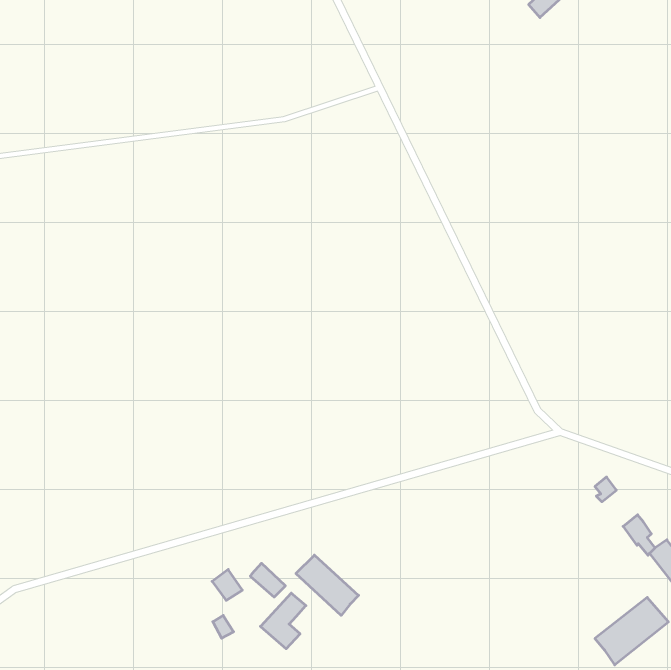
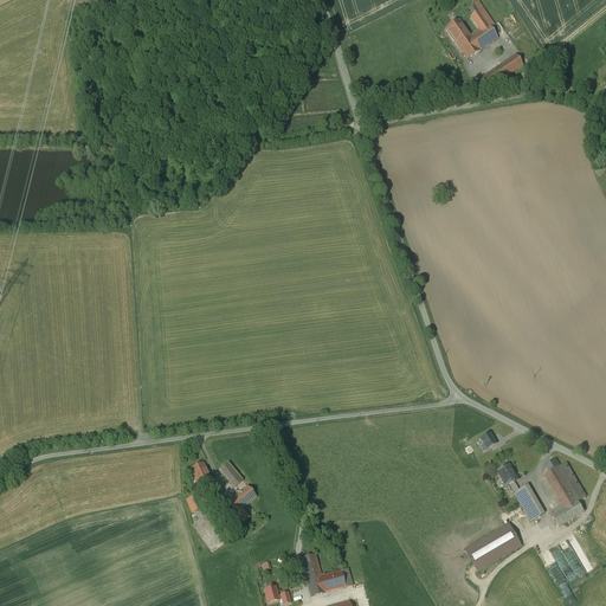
building: [296,555,359,615] -> none

